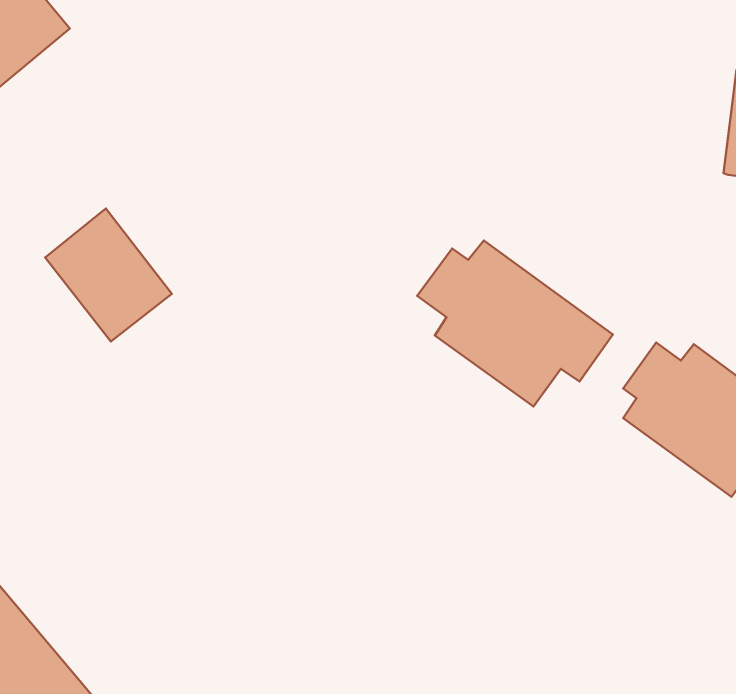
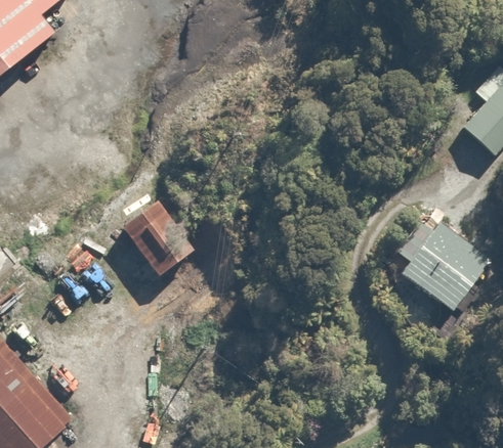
building: [45,208,172,341] -> [120,196,199,279]
building: [417,241,613,407] -> none

